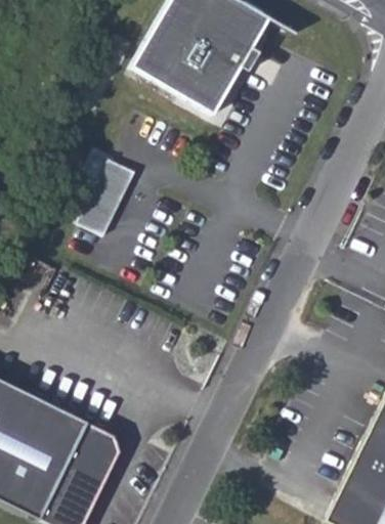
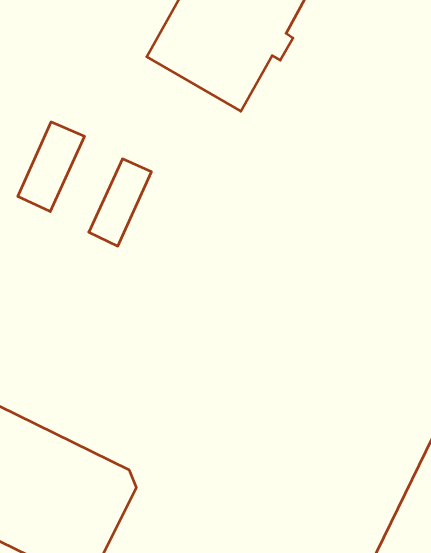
building: none -> [18,122,84,212]

